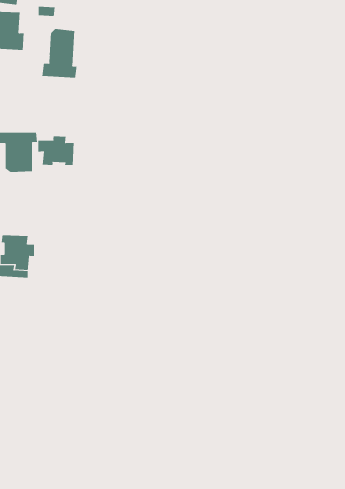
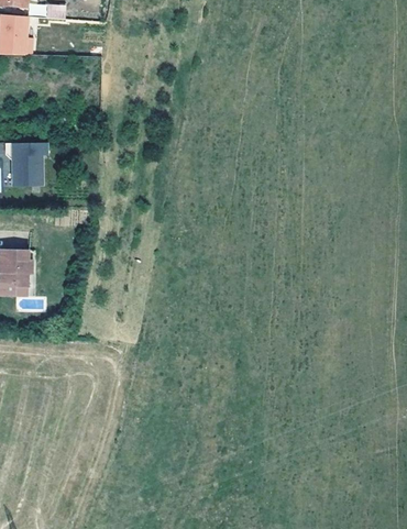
building: [42,28,77,79] -> none
building: [38,136,74,166] -> none

